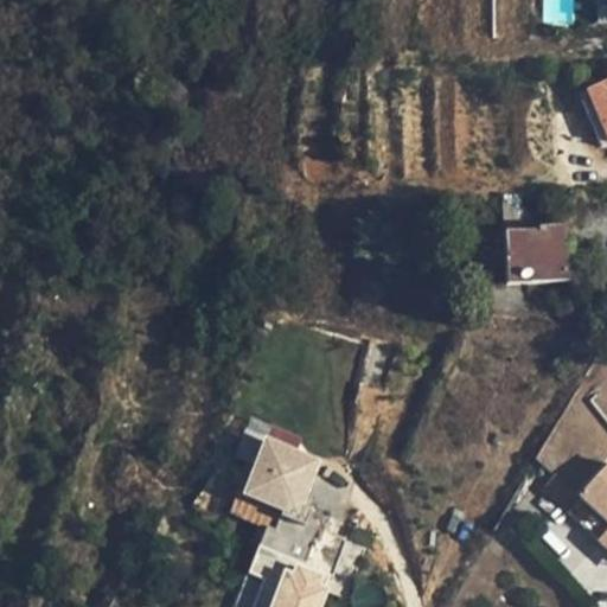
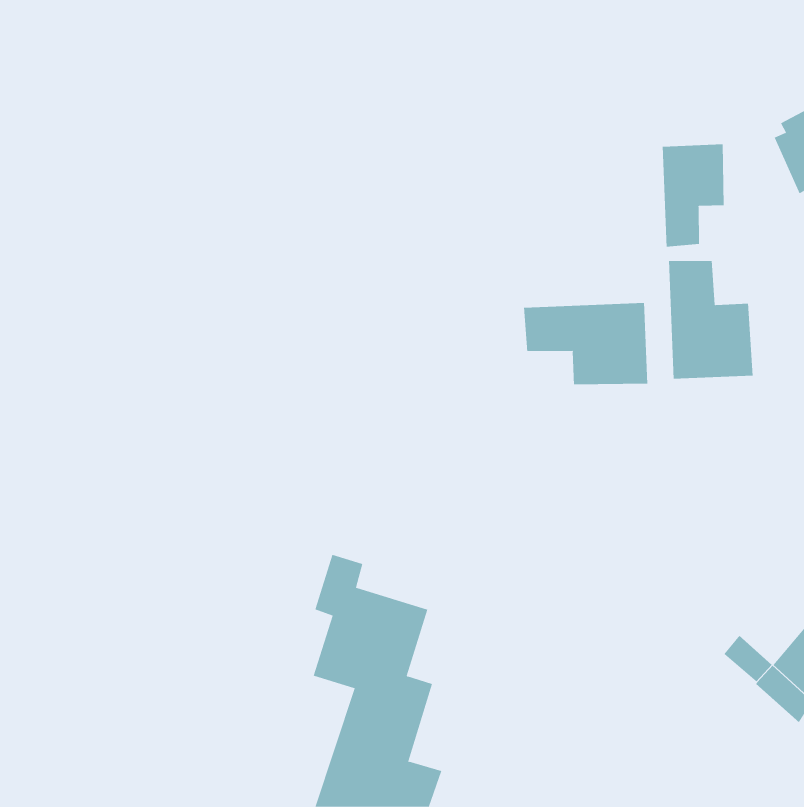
building: none -> [662,144,724,247]
building: none -> [523,302,648,385]

